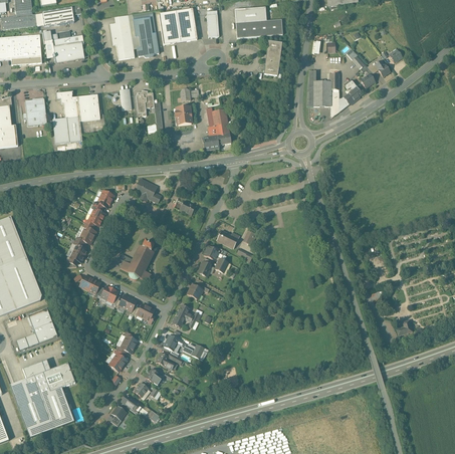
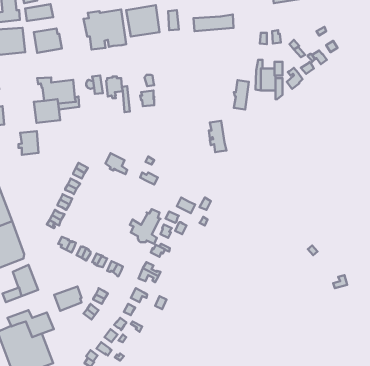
building: [235,7,267,23] -> none
building: [264,41,281,75] -> [234,80,249,110]
building: [23,98,46,126] -> [19,131,39,155]
building: [211,108,231,145] -> [209,121,226,152]
building: [120,241,155,281] -> [130,209,160,244]
building: none -> [54,286,82,311]

